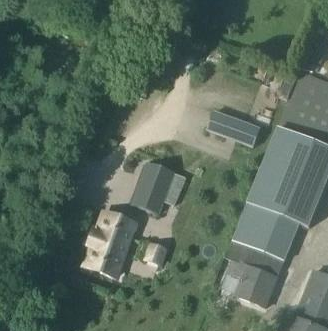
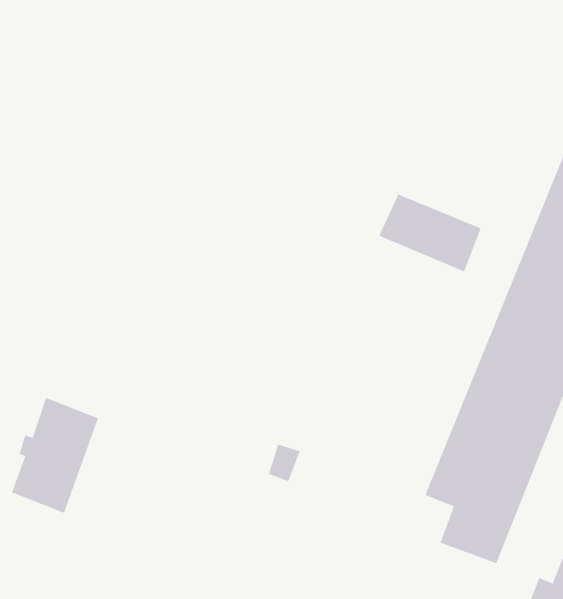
building: [129,160,184,213] -> none
building: [84,212,130,273] -> [11,397,99,513]

